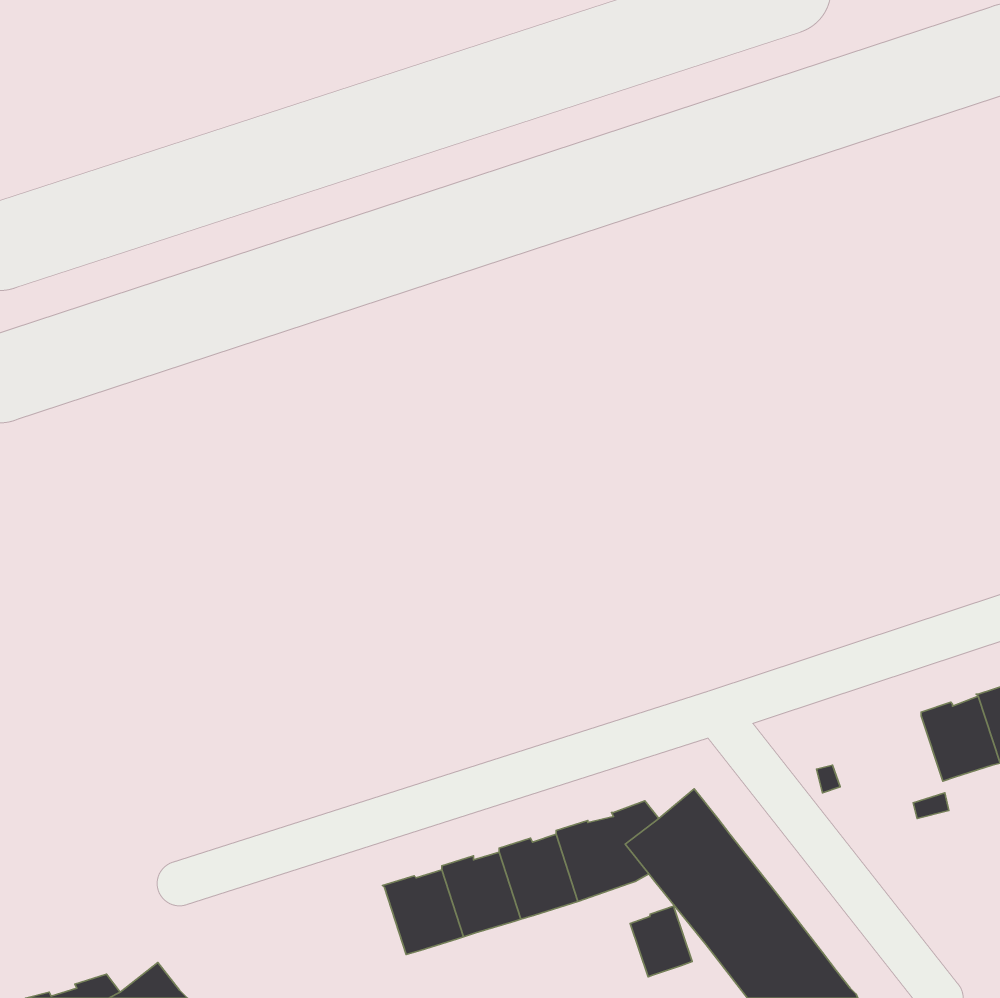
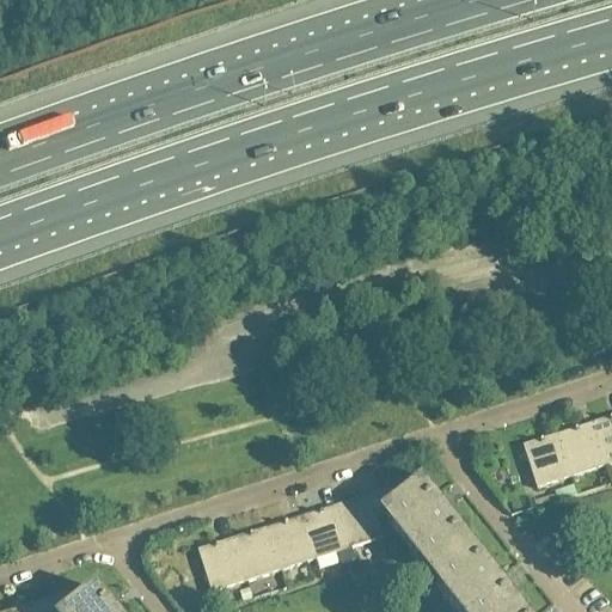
building: none -> [527,434,576,485]
building: none -> [202,538,251,595]
building: [630,906,692,977] -> none

